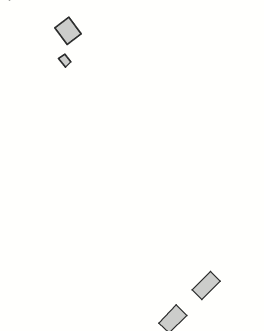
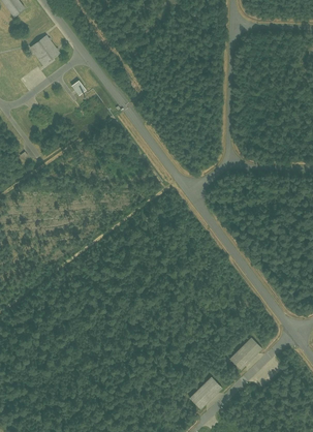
building: [55,17,81,44] -> [28,34,59,66]

